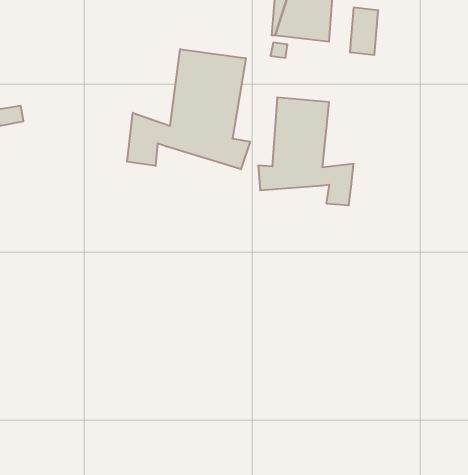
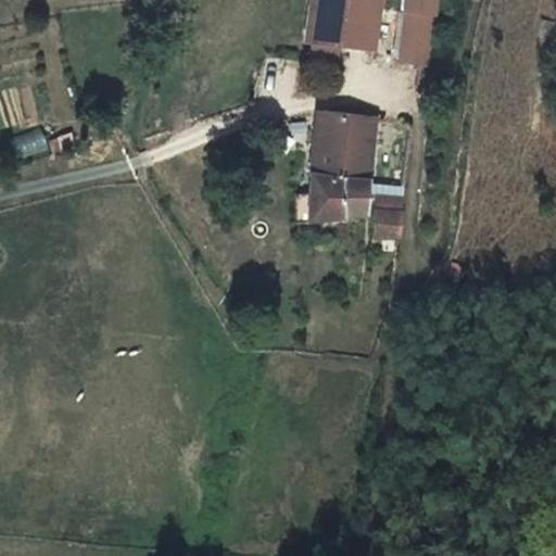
building: [127,49,250,169] -> none

